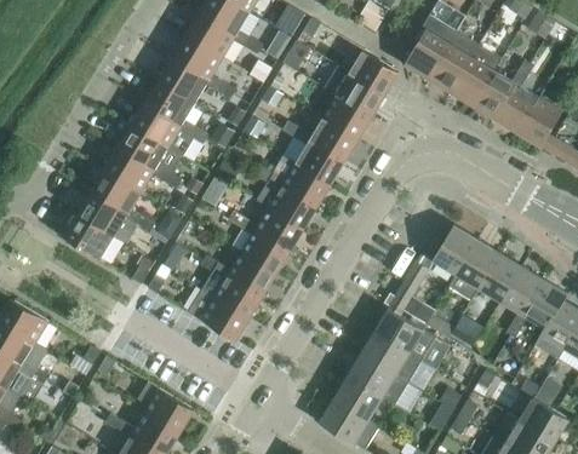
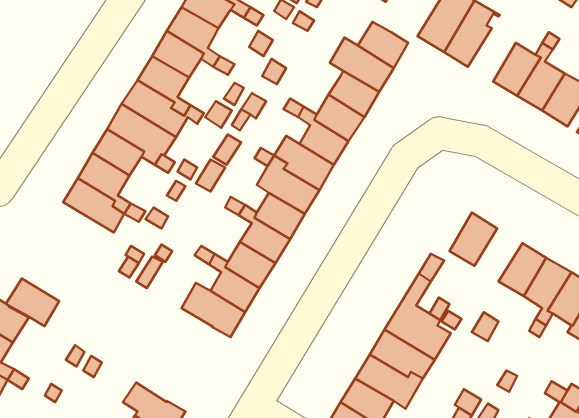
building: [450,44,500,105] -> none
building: [65,215,114,259] -> [6,279,59,326]
building: [450,240,499,298] -> none

